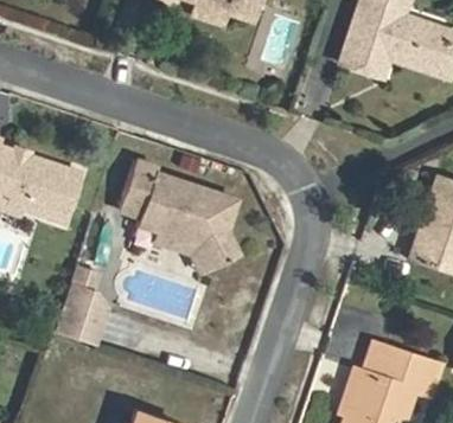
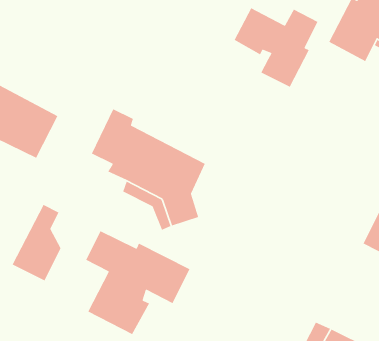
building: none -> [233,7,319,88]
building: none -> [85,230,190,335]

